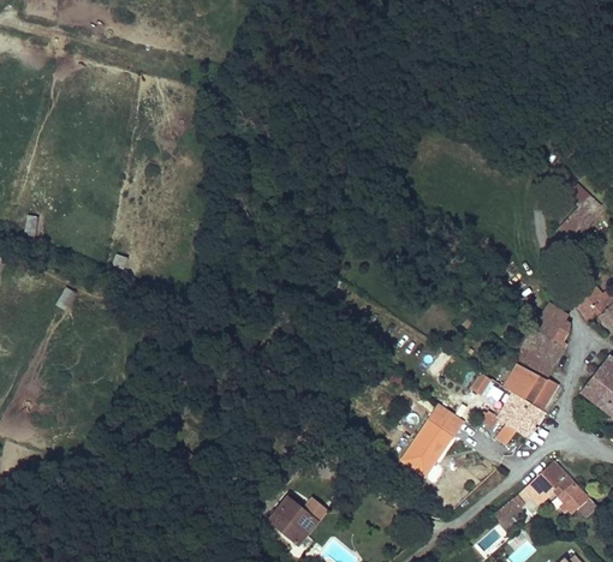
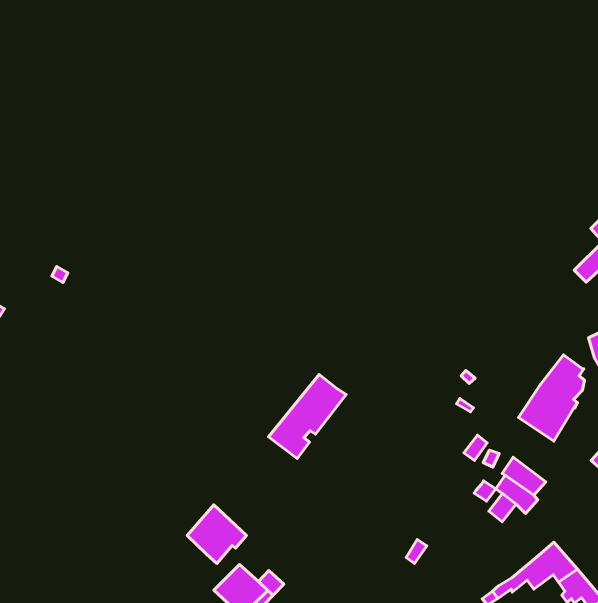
building: [505,365,559,412] -> none
building: [401,405,465,477] -> [268,375,346,459]
building: none -> [187,505,247,563]

